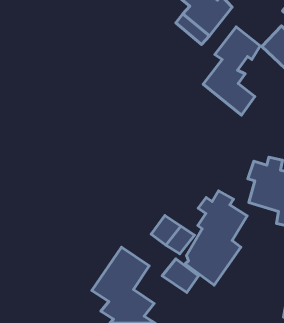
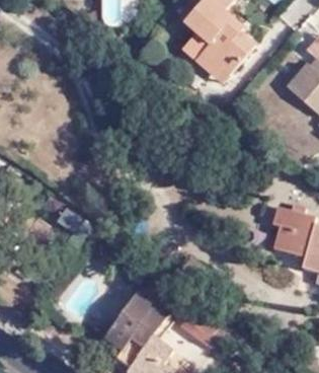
building: [203,27,260,115] -> none
building: [185,191,247,285] -> none

